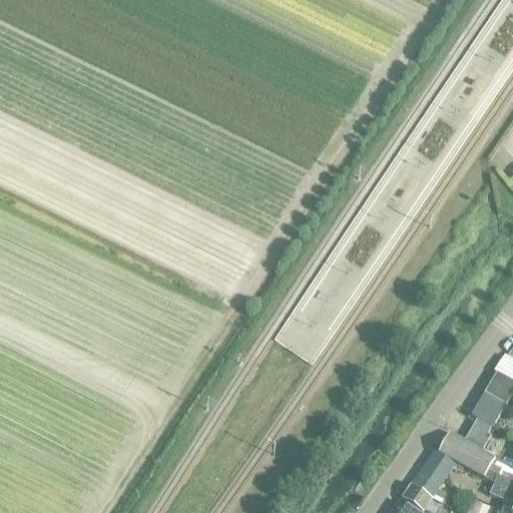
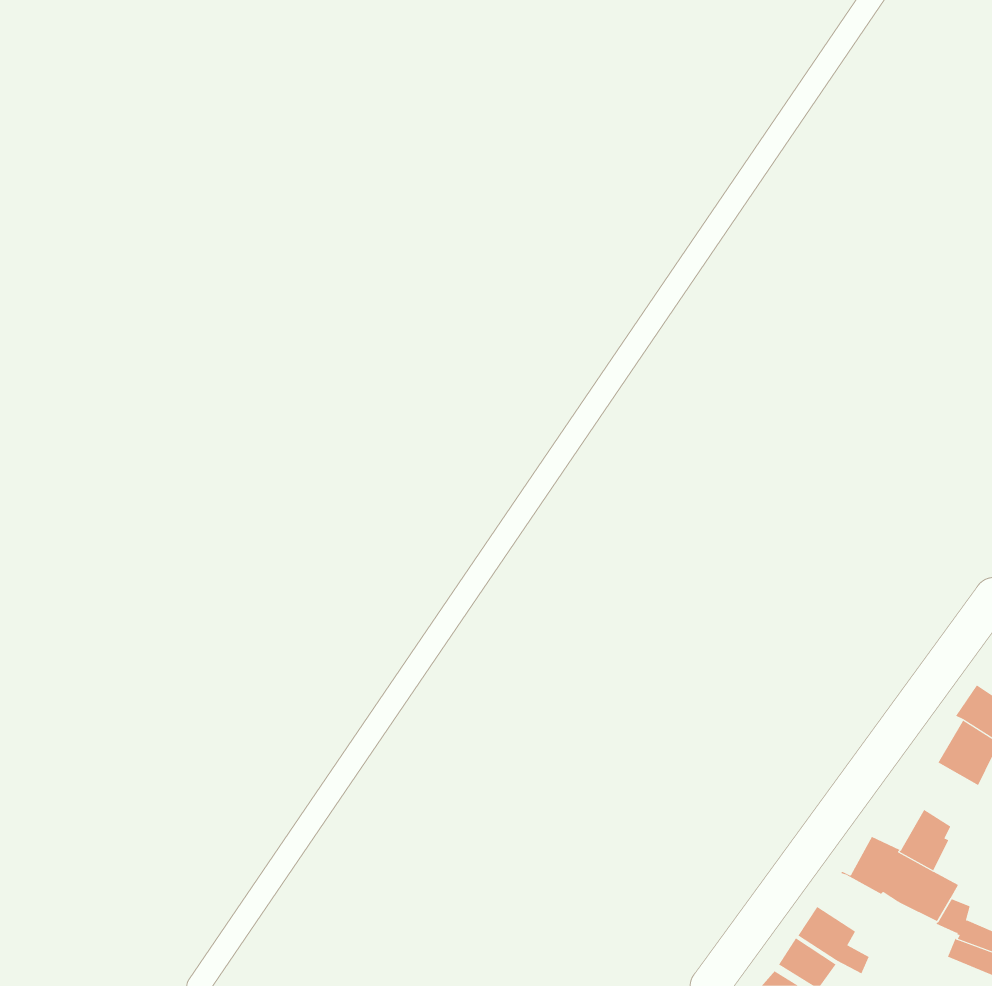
building: [471,393,505,426] -> none
building: [422,450,455,480] -> none

